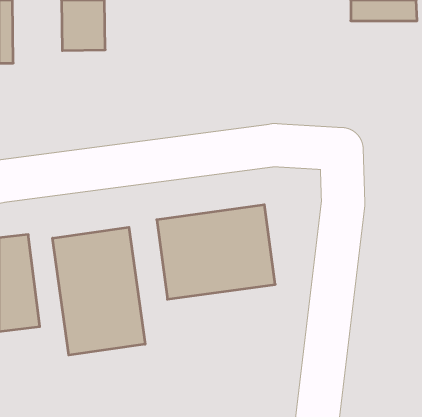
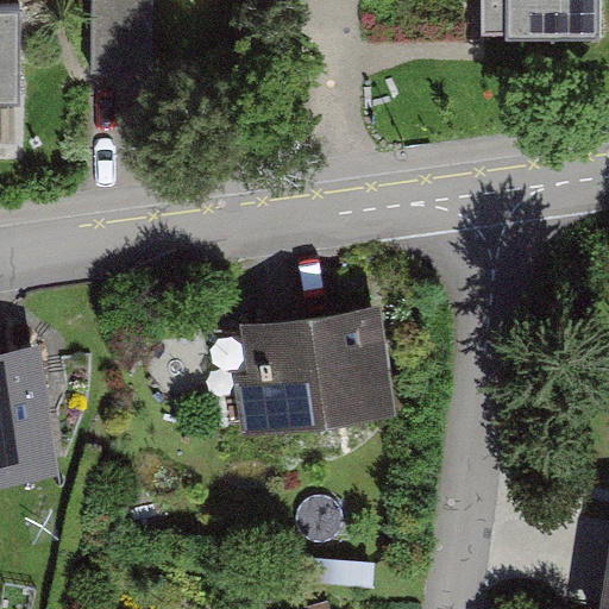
building: [53,227,145,355] -> none

